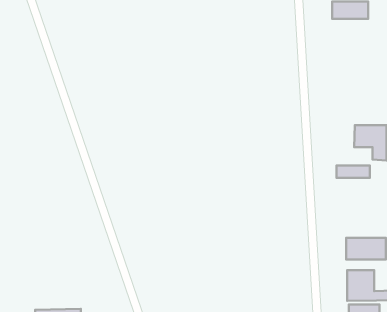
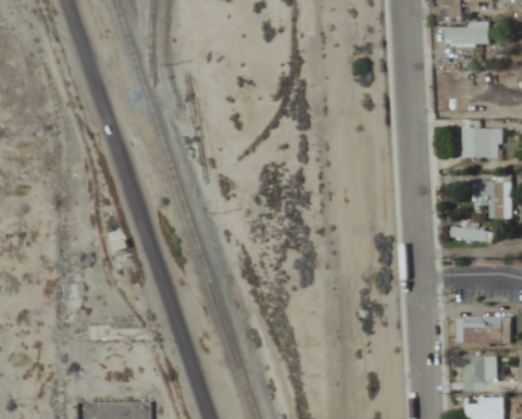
building: none -> [467,121,506,158]

